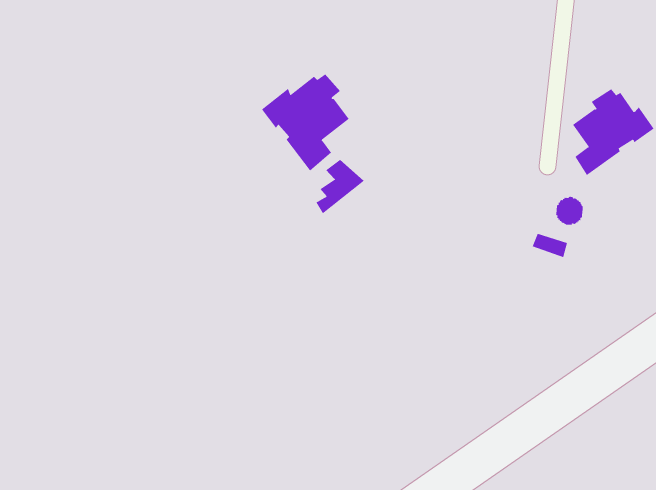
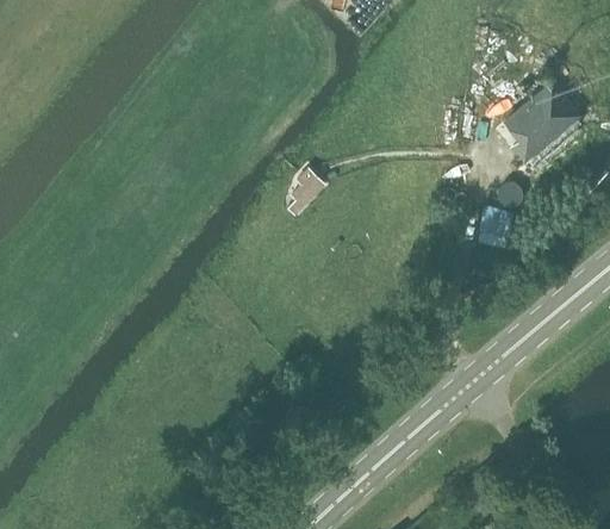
building: [261,73,350,171] -> none

